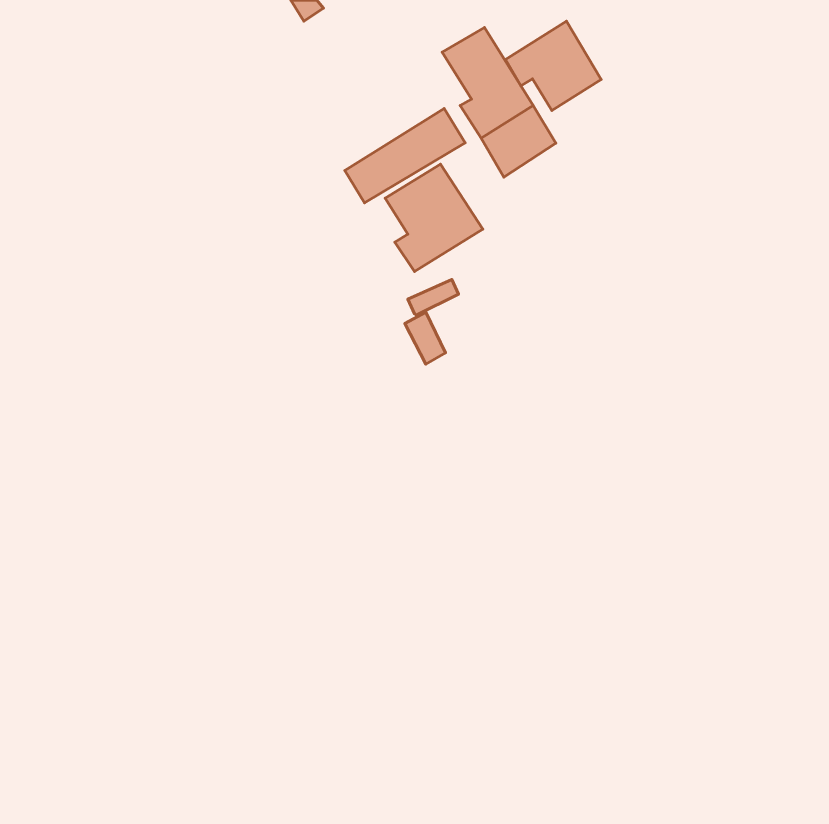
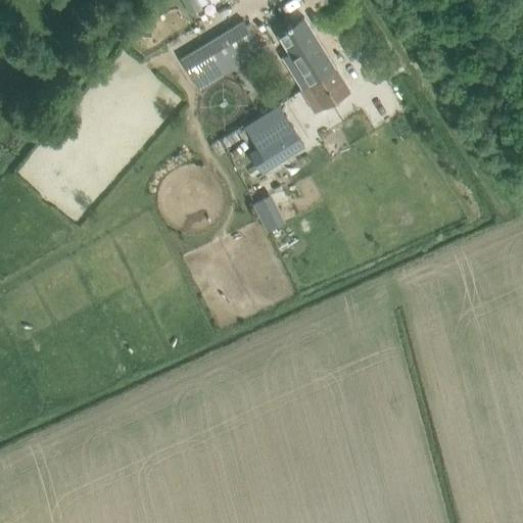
building: [505,21,601,110] -> none
building: [345,109,465,203] -> [181,23,256,83]

